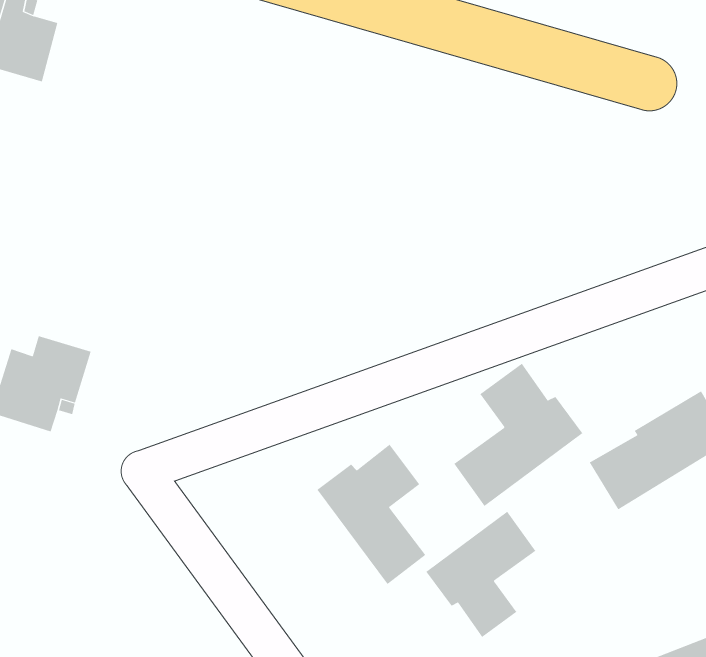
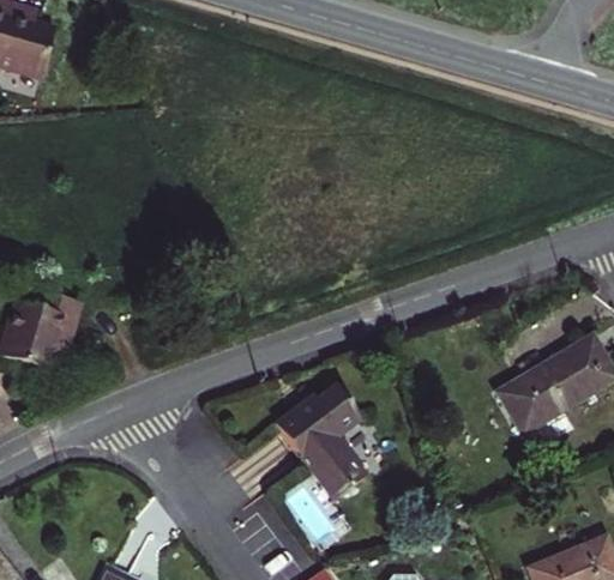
building: [454,363,583,507] -> none
building: [426,511,536,638] -> none

